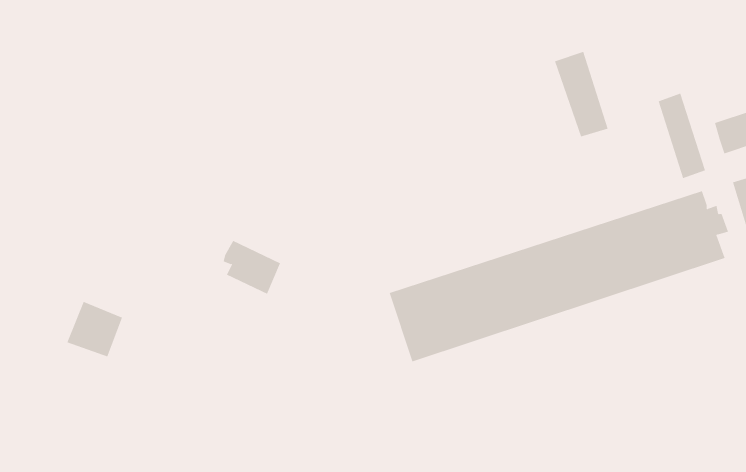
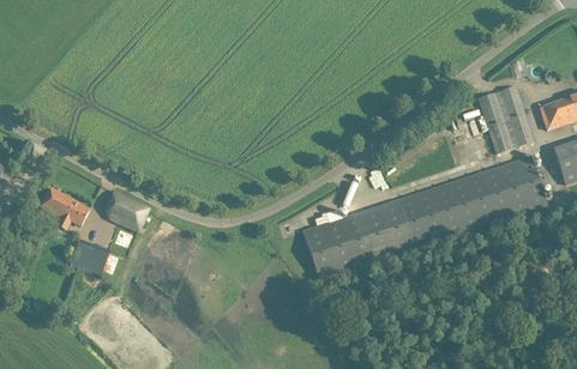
building: [554,51,609,137] -> [475,90,515,152]
building: none -> [37,186,88,229]
building: [223,240,281,295] -> [104,189,146,229]

